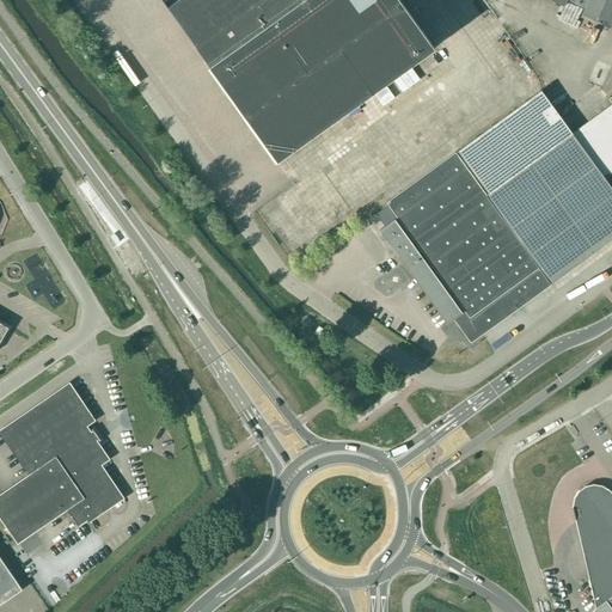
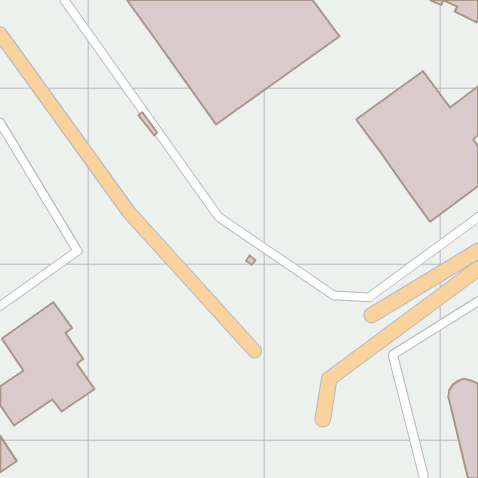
building: [379,152,551,343] -> none

